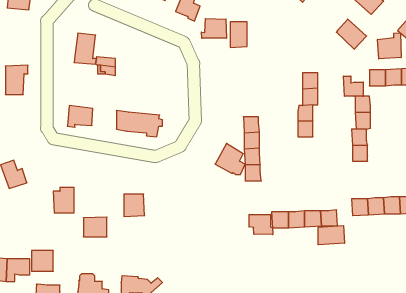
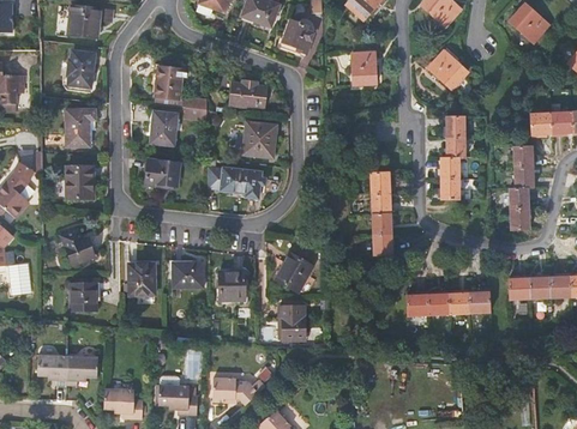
building: [201,19,227,38] -> none
building: [336,19,367,49] -> [428,52,467,90]
building: none -> [66,50,94,86]
building: [378,33,401,59] -> none
building: none -> [232,77,268,108]
building: none -> [150,111,175,144]
building: none -> [241,121,275,155]
building: [344,76,363,96] -> none
building: none -> [67,167,92,198]
building: [215,143,245,174] -> [276,250,314,290]
building: [249,214,273,235] -> none
building: [83,217,107,237] -> [170,264,200,289]
building: none -> [277,304,303,338]
building: [318,226,345,245] -> none
building: [32,251,53,271] -> [68,284,96,310]

